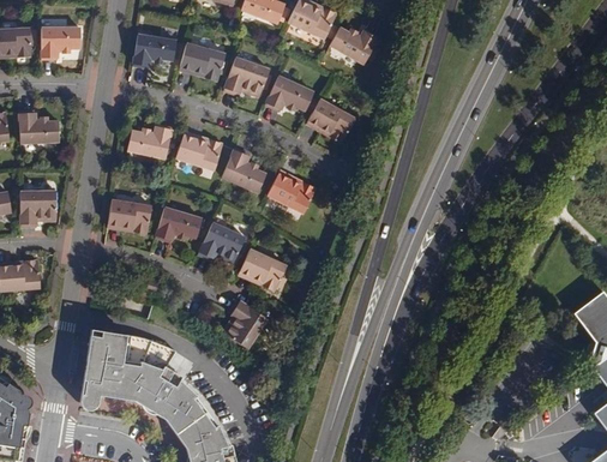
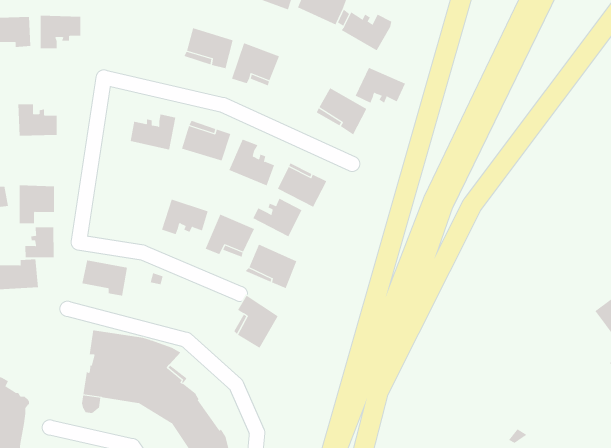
building: [133,35,180,68] -> none
building: [265,74,314,109] -> [355,67,406,103]
building: [108,197,152,232] -> [82,260,128,296]
building: none -> [253,198,302,237]
building: none -> [25,227,54,258]

